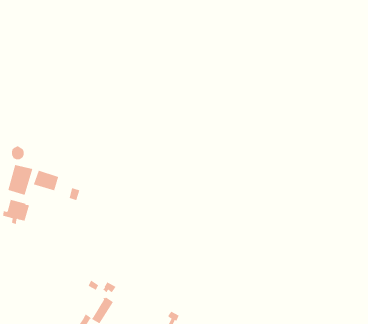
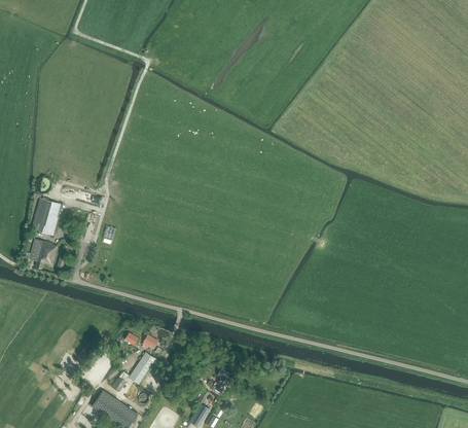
building: [33,170,59,191] -> none

